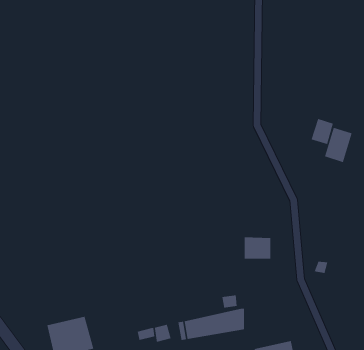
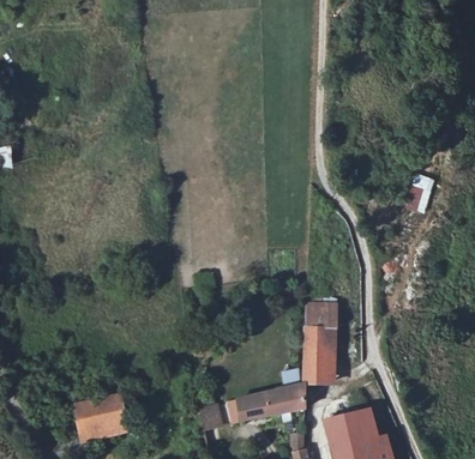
building: [311,118,334,145] -> none
building: none -> [307,324,342,382]

